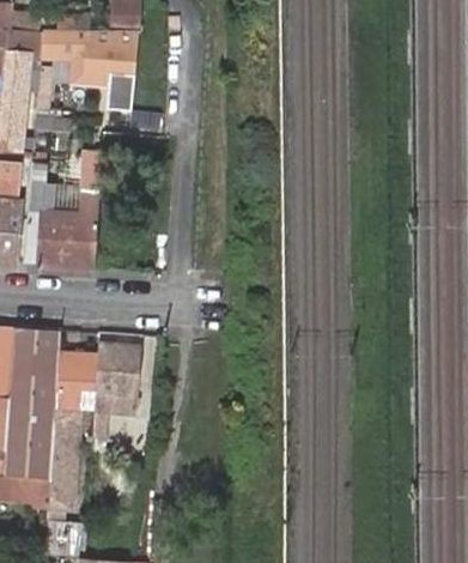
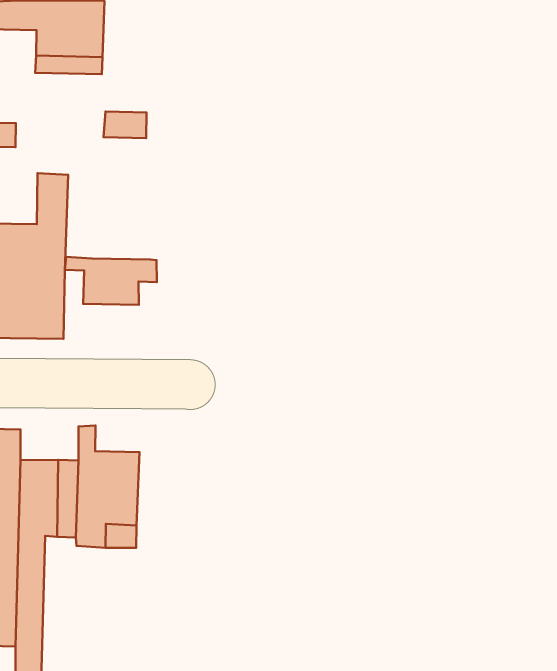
building: none -> [65,257,157,305]

